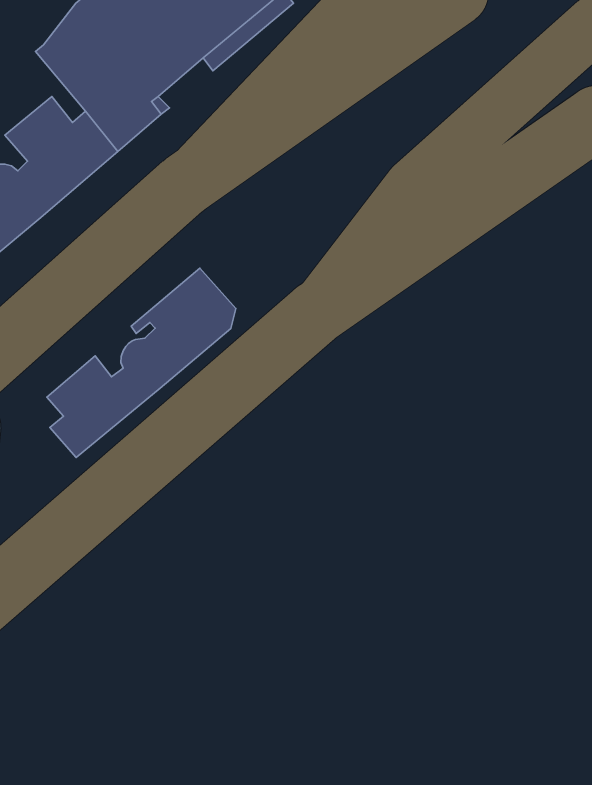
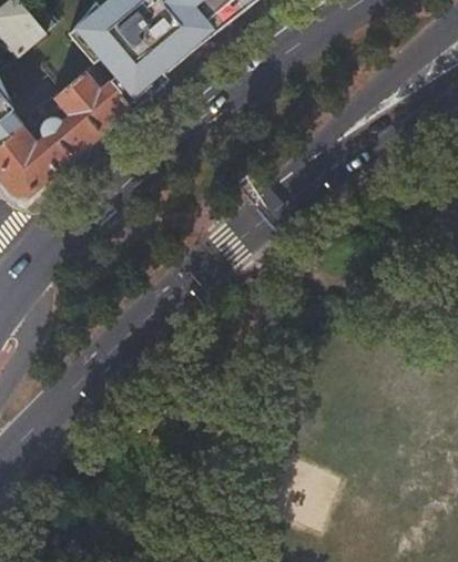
building: [47,268,236,457] -> none

